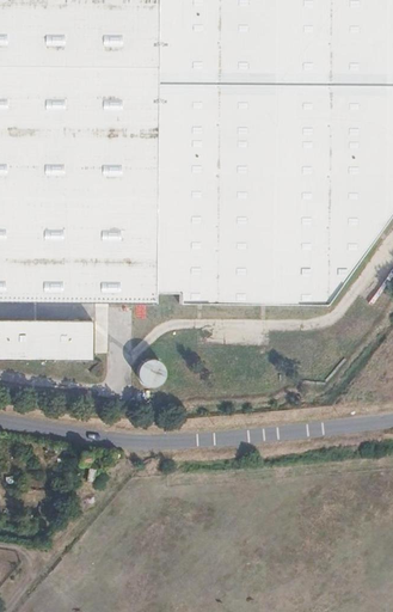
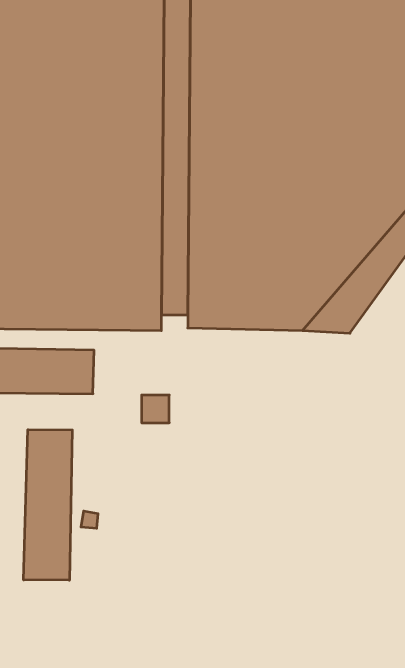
building: none -> [24,430,72,580]

